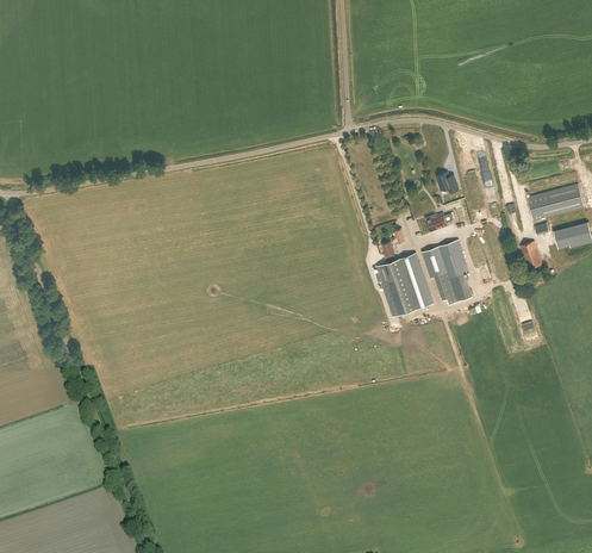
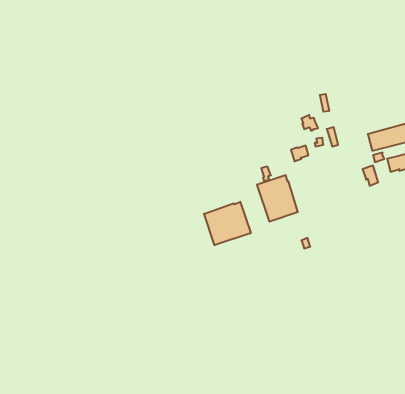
building: [423,238,469,304] -> none
building: none -> [204,202,251,245]

